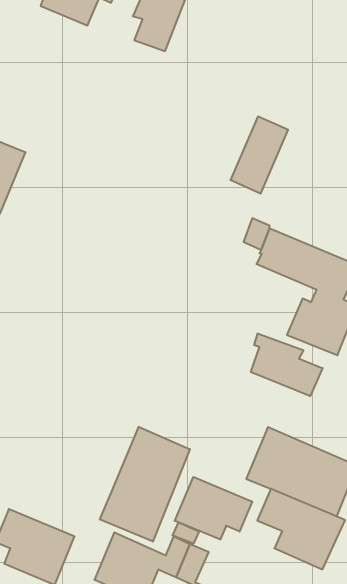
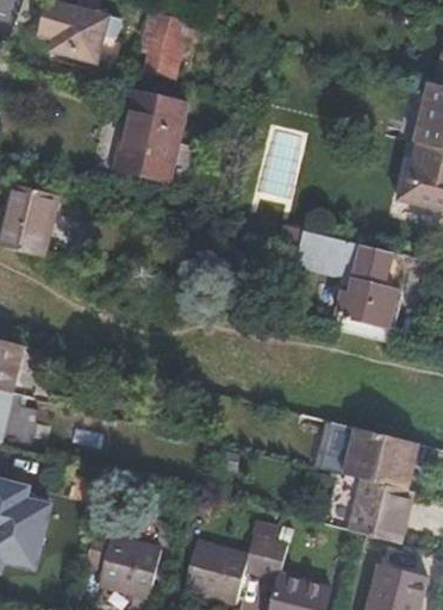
building: none -> [116,88,186,180]
building: [251,333,323,396] -> none
building: [100,427,190,542] -> none
building: [175,477,252,540] -> none

